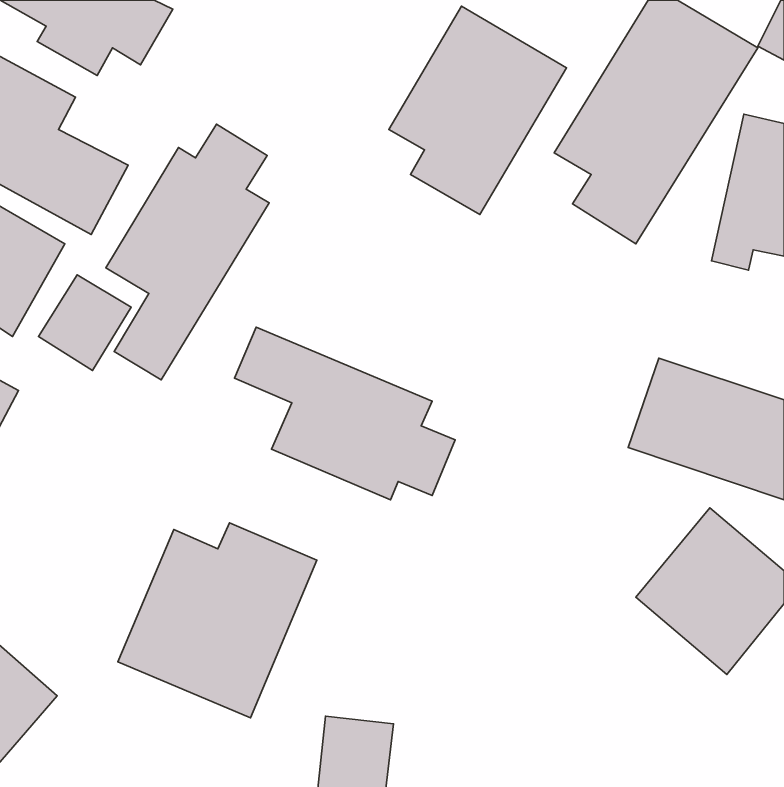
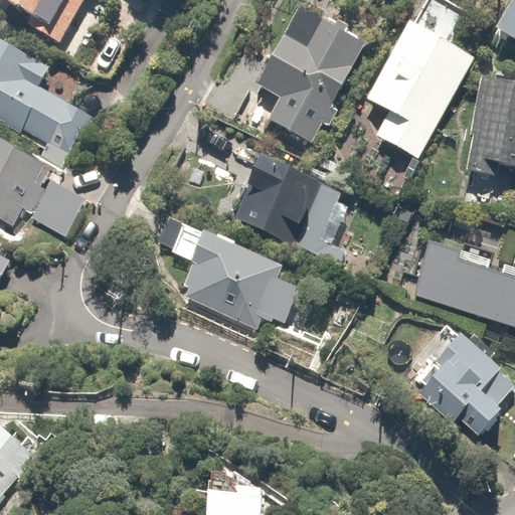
building: [106,124,269,380] -> none
building: none -> [240,149,349,258]
building: [118,523,317,718] -> none

